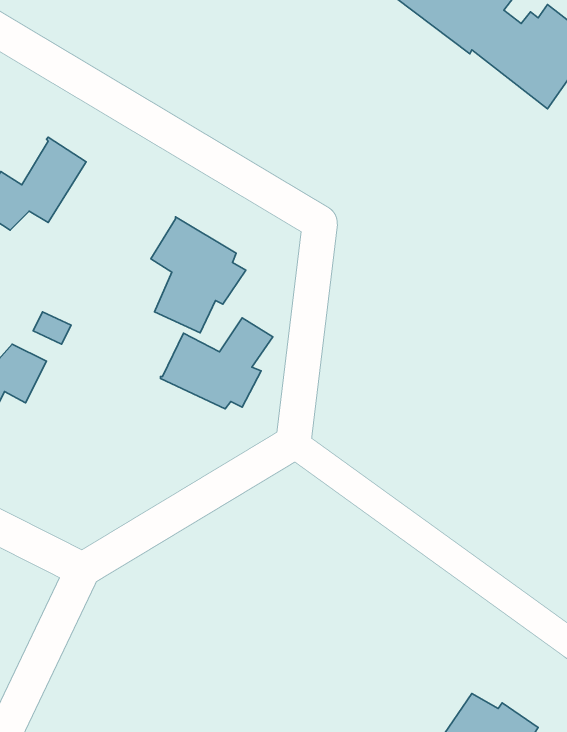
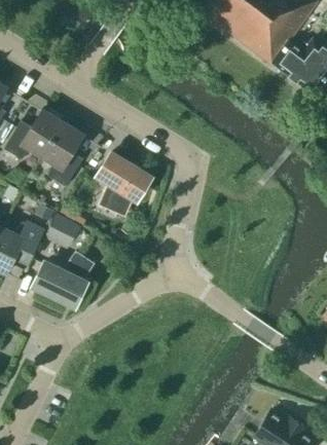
building: none -> [42,122,83,186]
building: [161,318,273,409] -> [33,253,94,302]
building: none -> [44,214,81,249]

